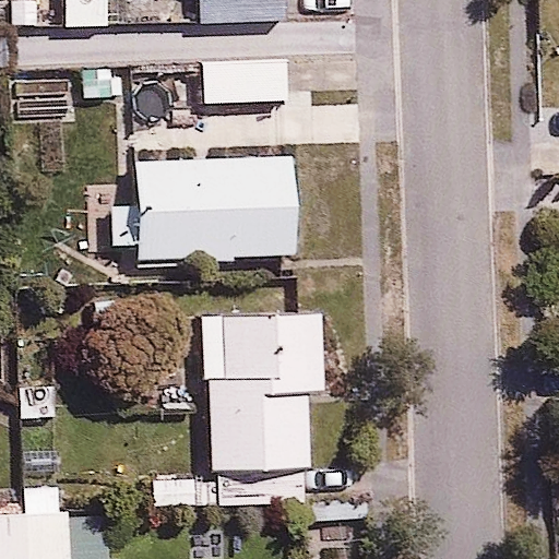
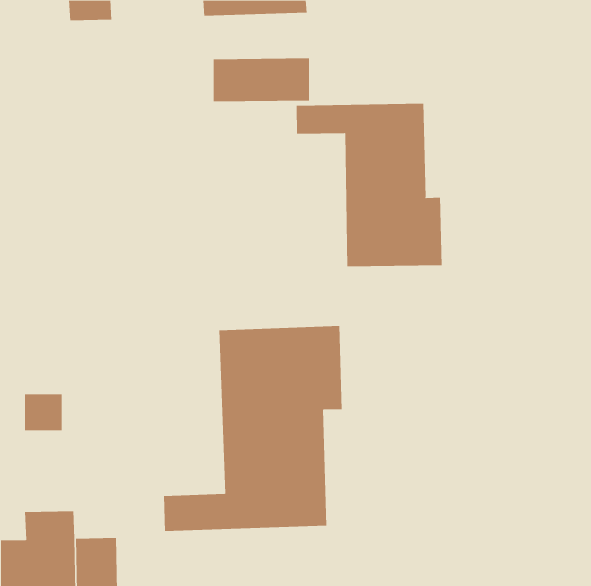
building: none -> [296,103,442,267]
building: [114,155,298,261] -> none

